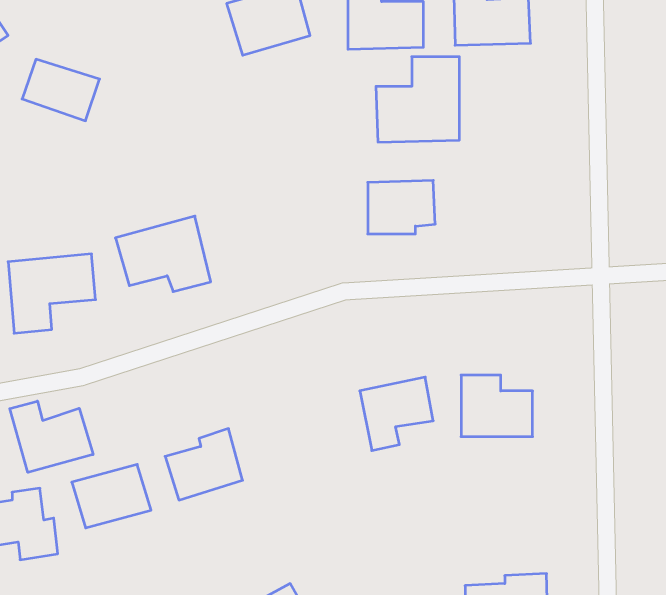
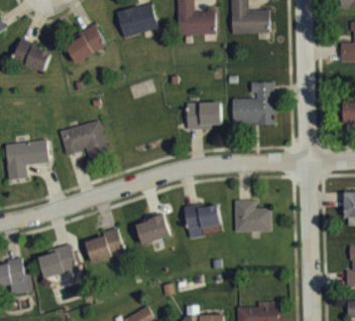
building: none -> [65,25,107,62]
building: [376,57,459,142] -> [232,82,274,125]
building: [10,401,93,472] -> none
building: none -> [136,215,170,245]

